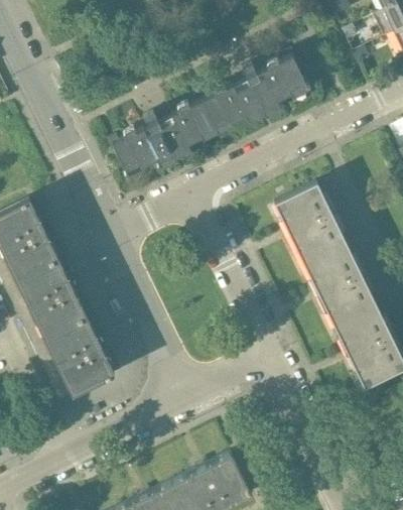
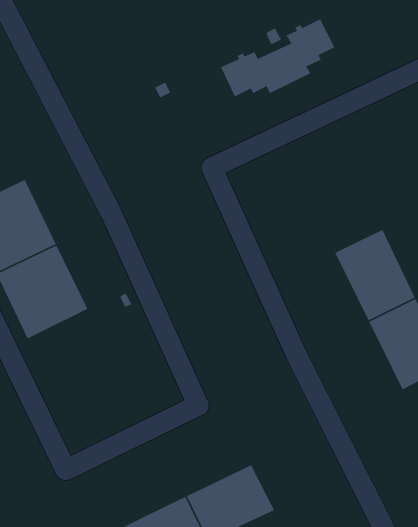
building: [113,99,216,169] -> none
building: [275,181,348,264] -> none
building: [31,314,115,401] -> none

